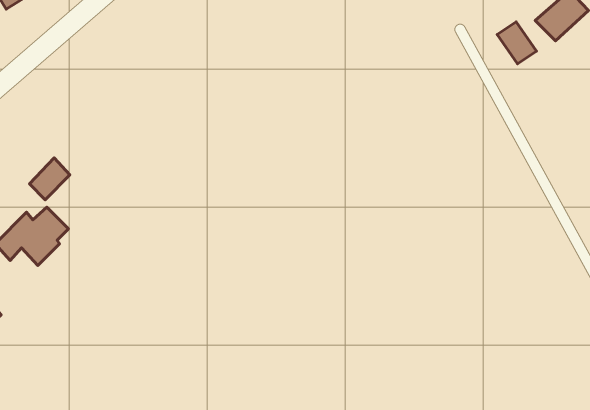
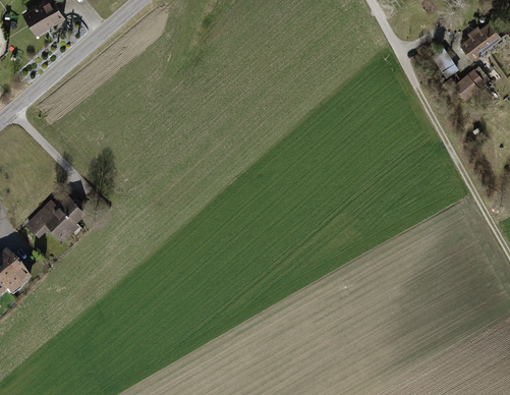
building: none -> [454,65,490,99]
building: [29,158,70,200] -> none

